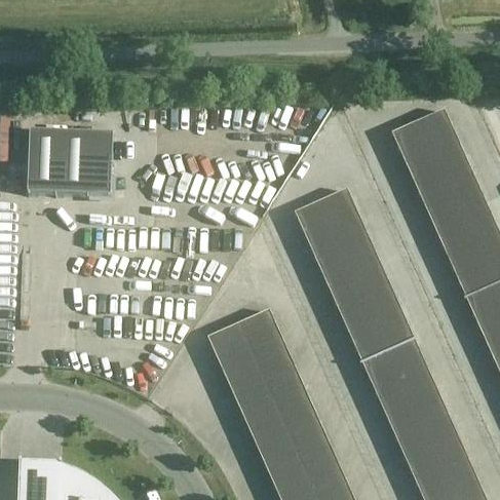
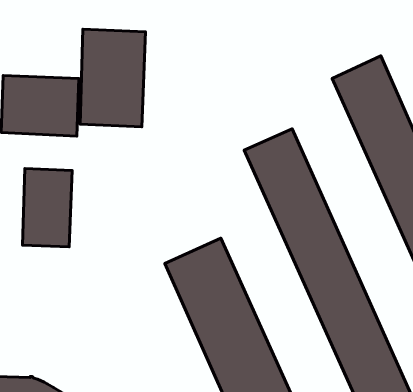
building: none -> [80,29,145,127]
building: none -> [23,168,72,247]

